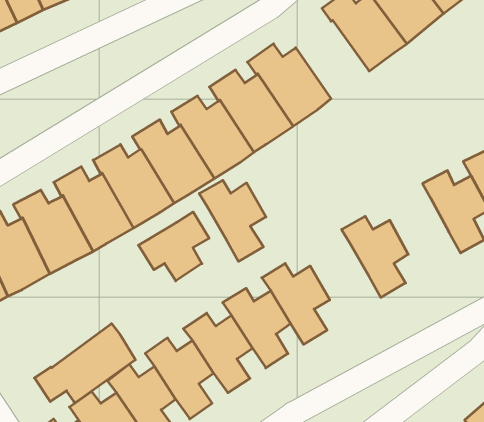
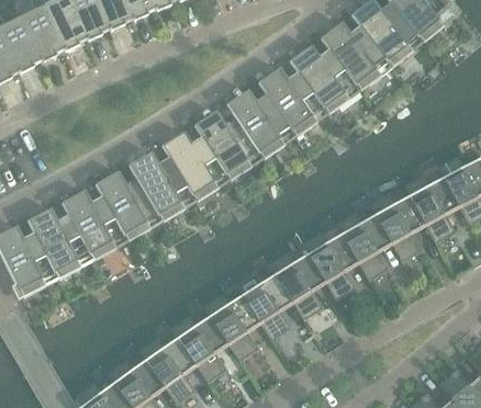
building: none -> [289,45,359,113]
building: [199,180,266,261] -> [303,231,359,299]
building: none -> [370,192,426,261]
building: [138,212,209,281] -> none
building: [34,324,135,403] -> none

